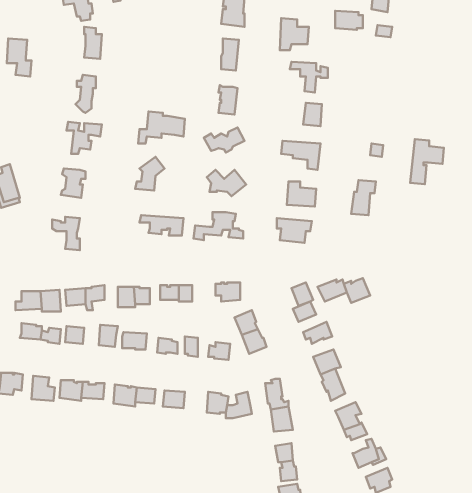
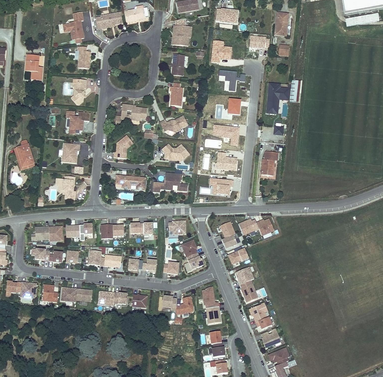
building: [410,139,444,184] -> [267,83,290,114]

